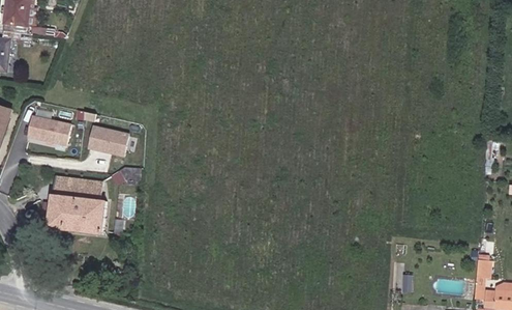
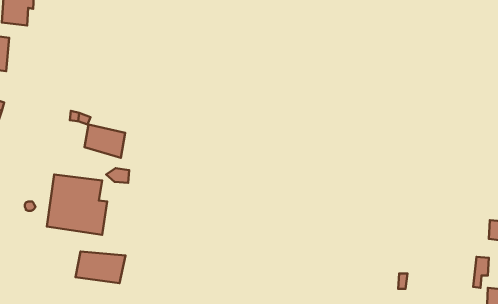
building: [25,114,69,147] -> none
building: none -> [75,251,125,283]

